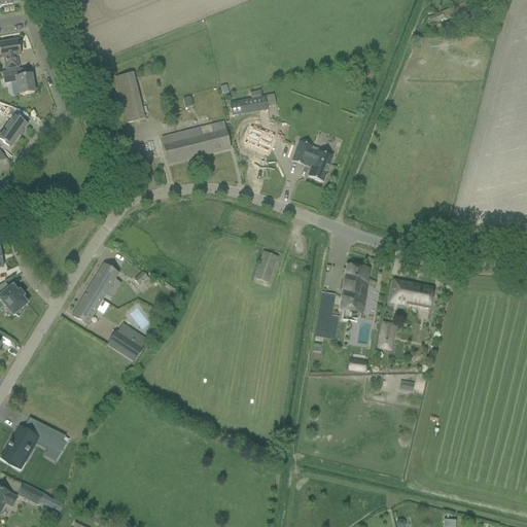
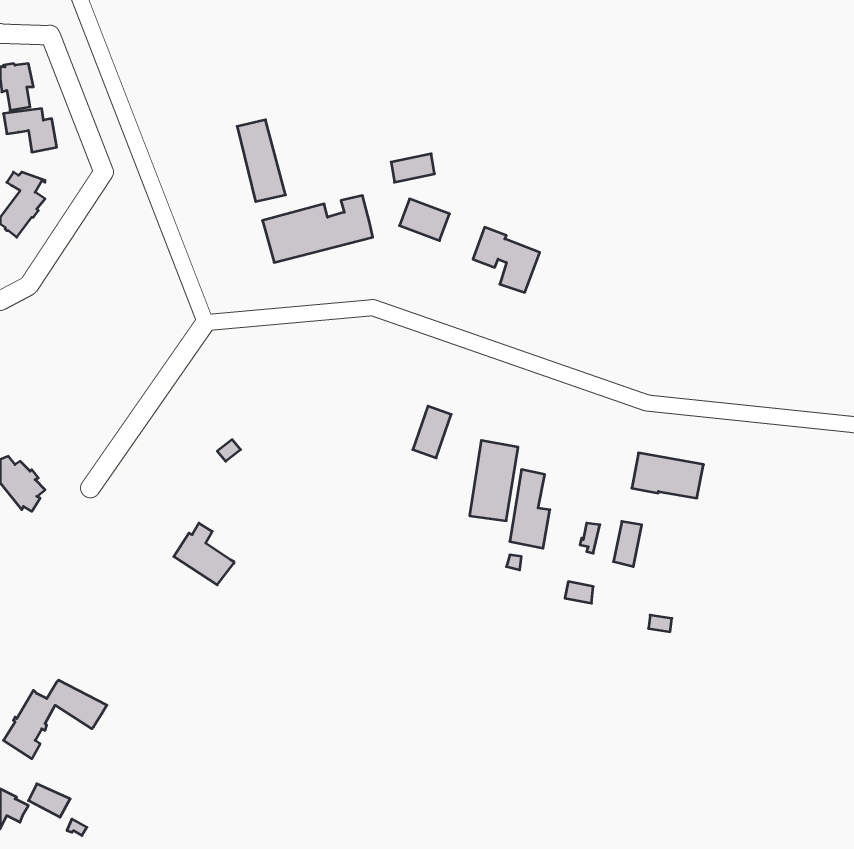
building: [115,71,145,121] -> [237,120,286,202]
building: [72,262,118,323] -> none
building: [340,262,370,312] -> [470,440,518,521]

